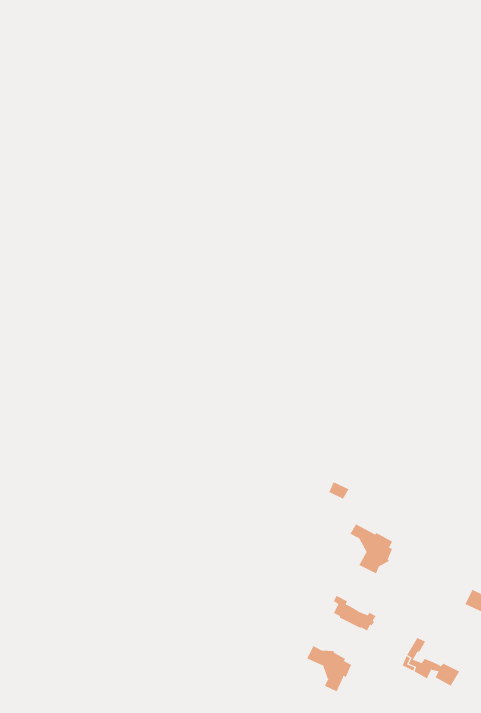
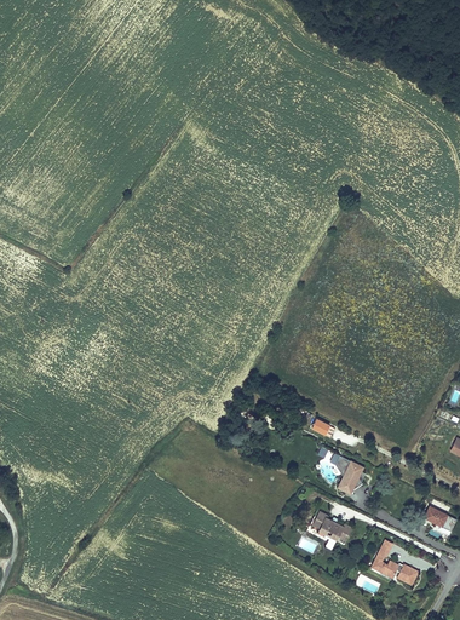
building: [306,645,352,692] -> none

